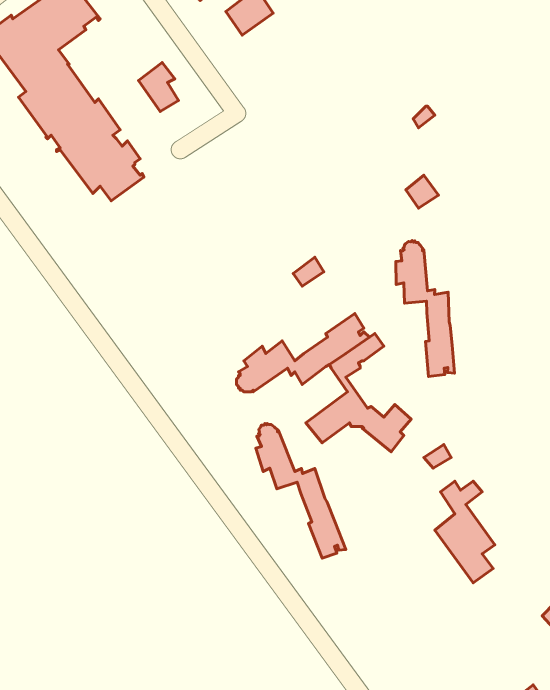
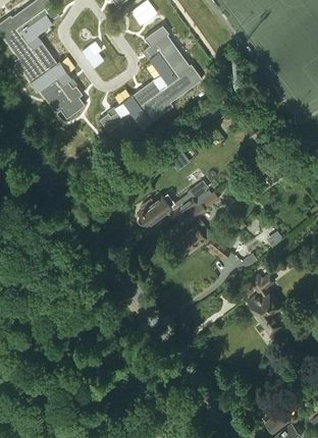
building: none -> [99,25,202,147]
building: [396,241,455,376] -> none
building: [256,423,346,558] -> none

